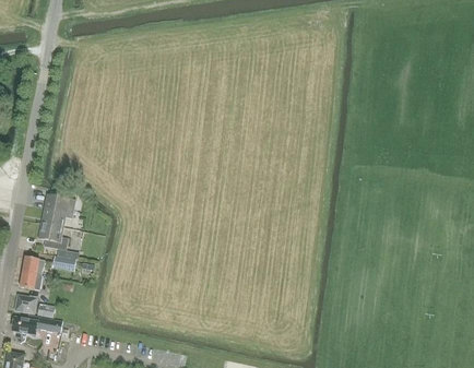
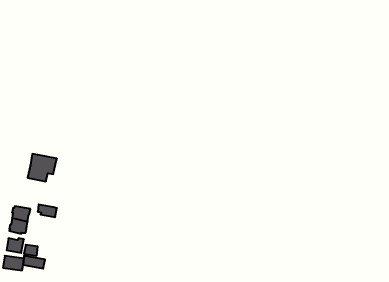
building: [37,224,68,251] -> none

